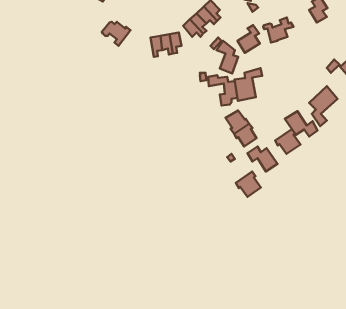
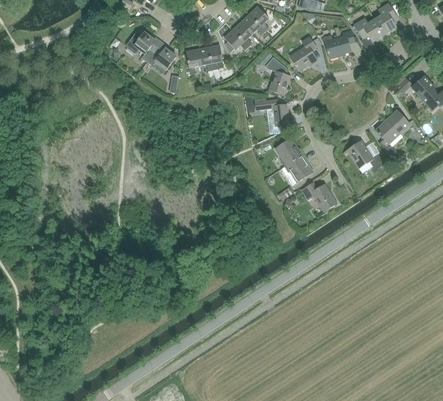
building: none -> [355,19,384,41]
building: none -> [147,43,176,70]
building: [235,68,262,101] -> none
building: [275,129,300,154] -> none
building: [236,172,261,197] -> none

